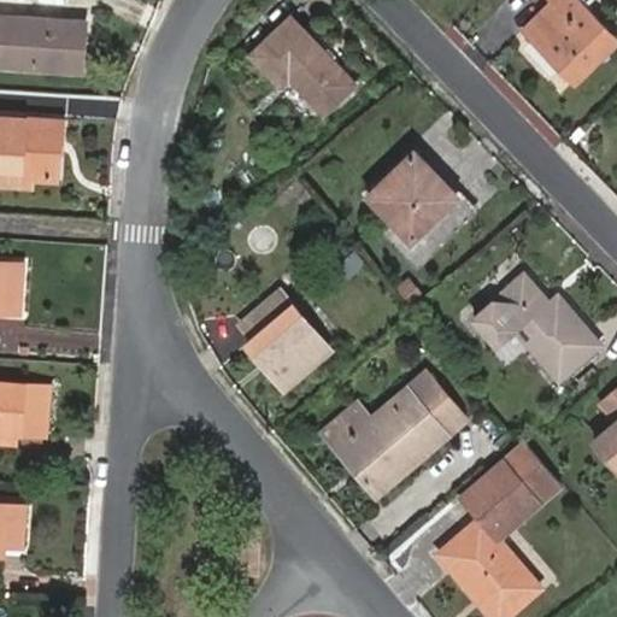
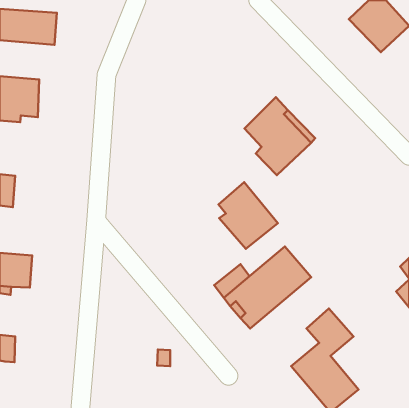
building: [249,17,354,113] -> none
building: [472,275,600,382] -> none
building: [241,290,330,390] -> [219,182,278,249]
building: [494,441,562,509] -> none

